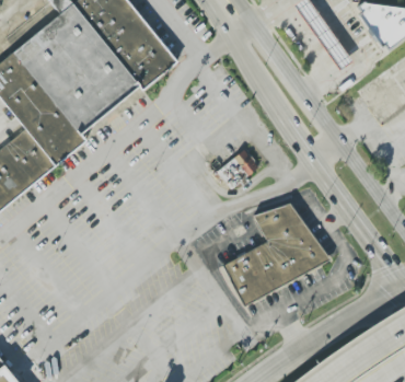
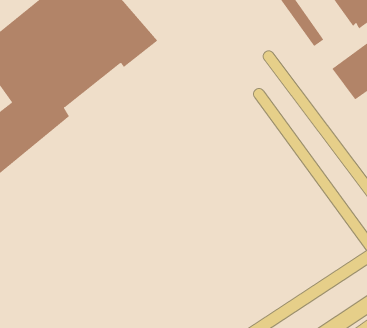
building: [217,150,258,187] -> none
building: [222,202,328,305] -> none

